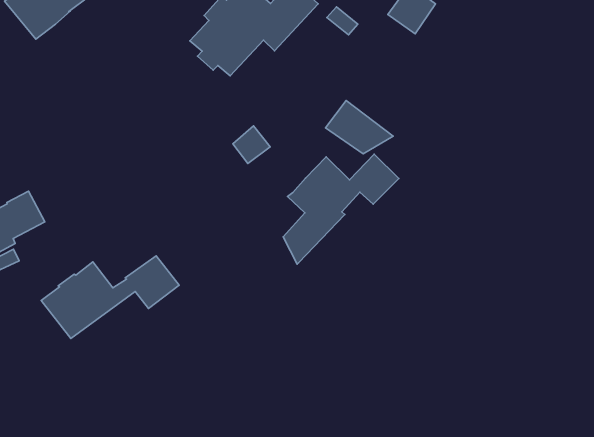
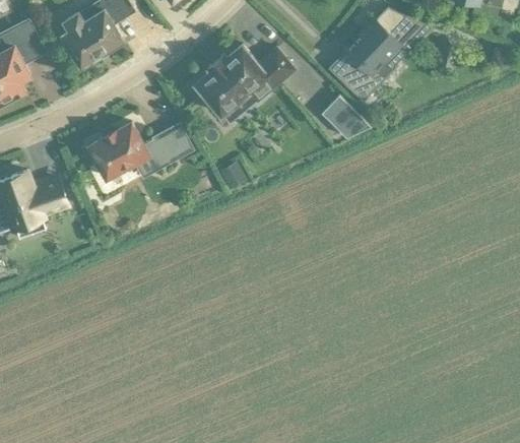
building: [325,100,393,154] -> [321,97,371,138]
building: [283,154,399,264] -> none
building: [41,256,179,339] -> [88,124,193,179]

